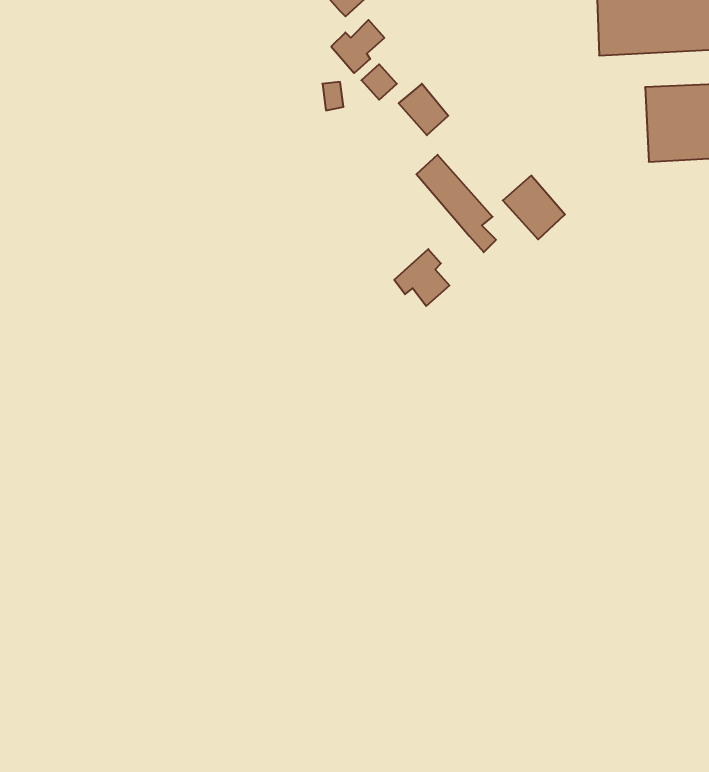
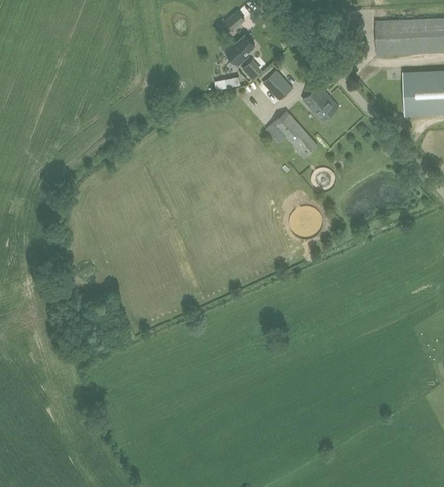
building: [503,176,565,239] -> [303,85,338,121]
building: [394,249,449,306] -> none

